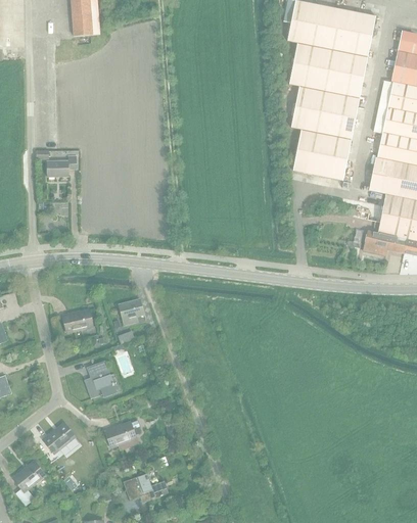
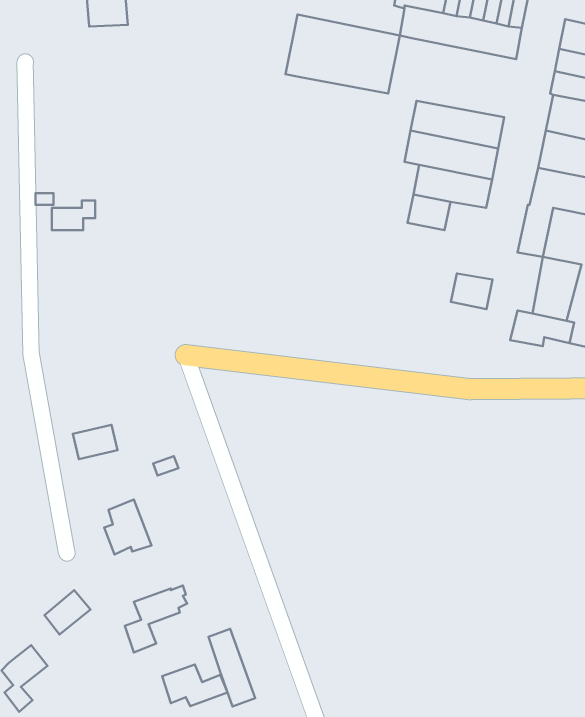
building: [288,43,367,97] -> [285,15,400,93]
building: [318,155,346,180] -> [451,274,493,309]
building: [119,300,143,325] -> none
building: none -> [209,629,255,706]

